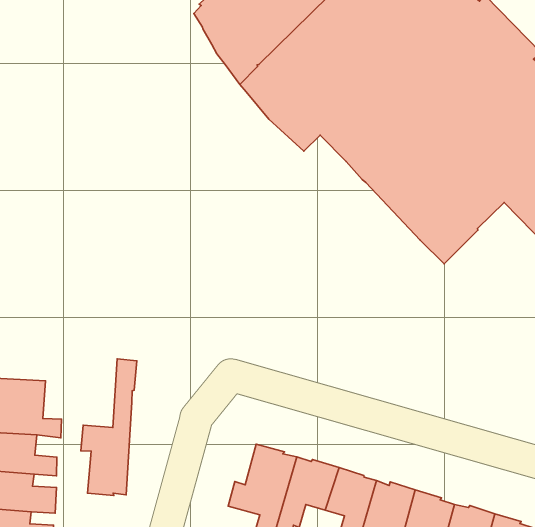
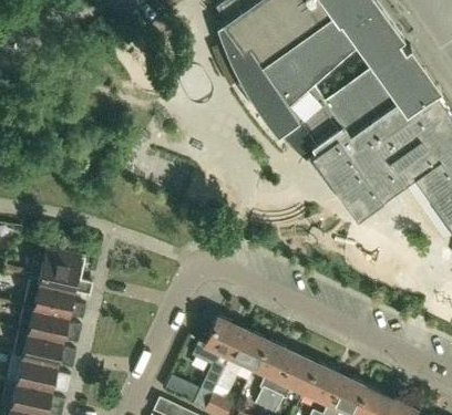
building: [81,359,137,495] -> none

